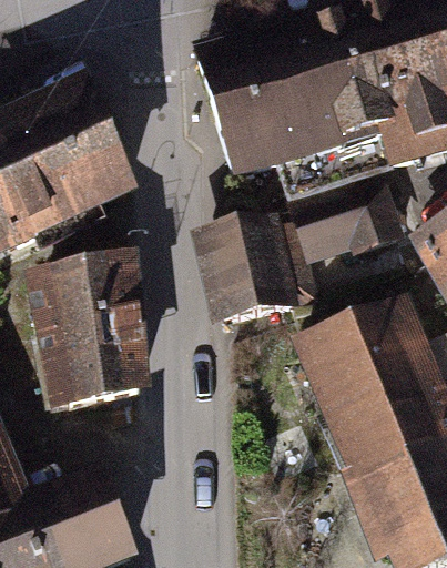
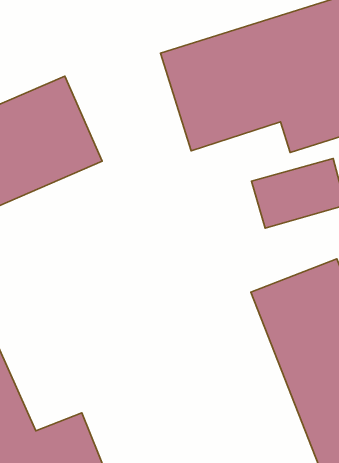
building: [206,212,318,326] -> none
building: [26,257,141,412] -> none

